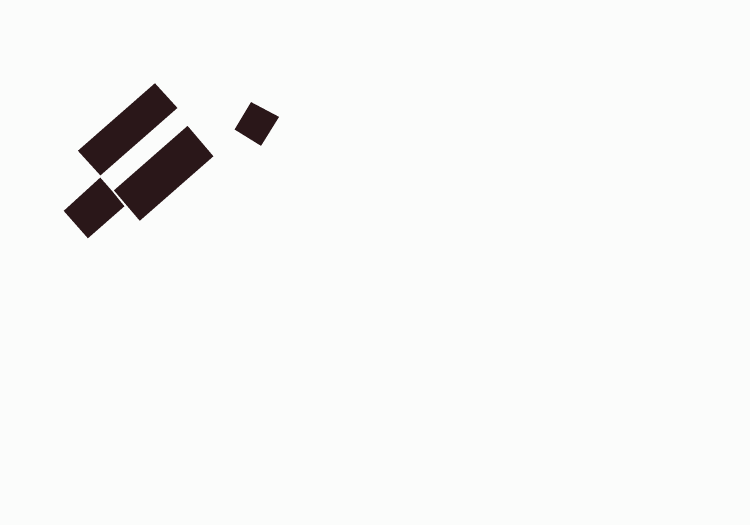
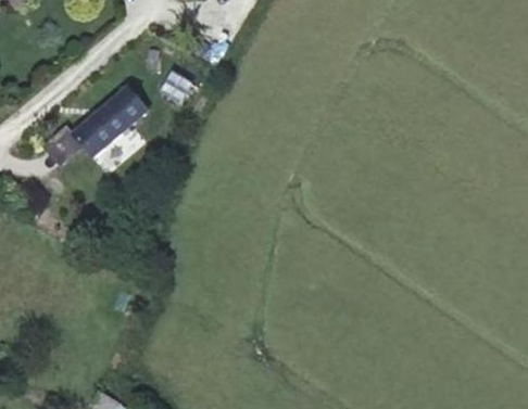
building: [77,82,178,176] -> none

